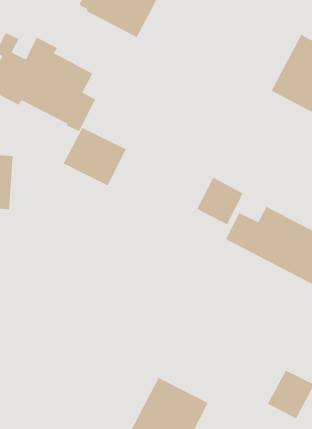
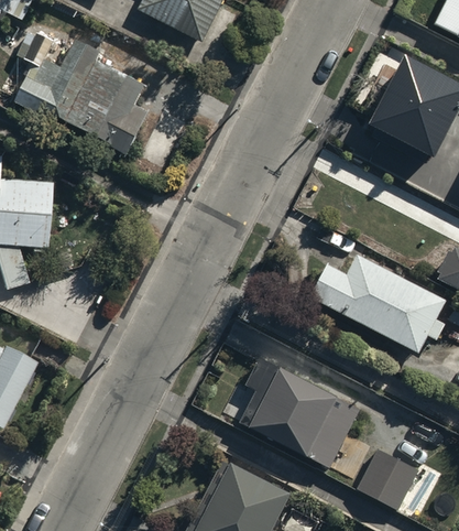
building: [63,127,126,186] -> none
building: [196,177,243,225] -> none
building: none -> [240,356,358,462]

